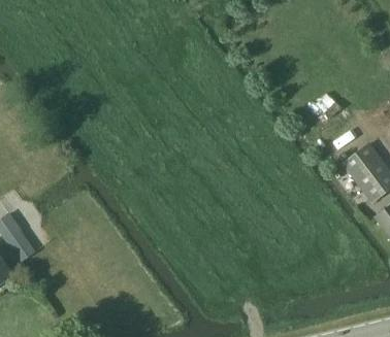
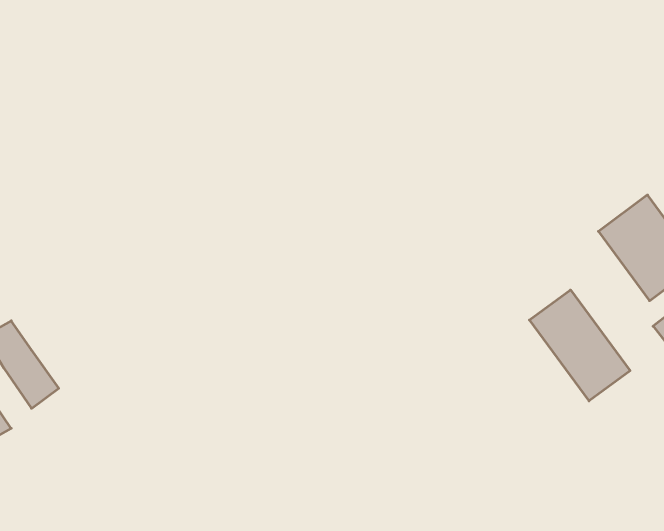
building: none -> [529,290,630,401]

